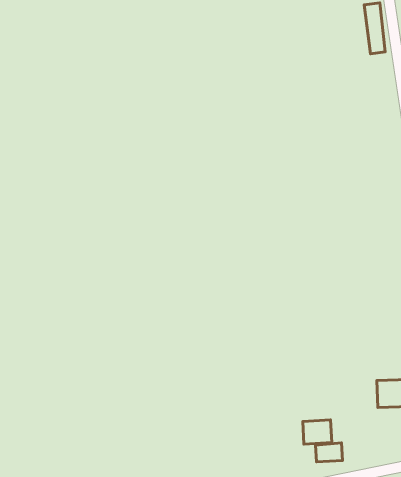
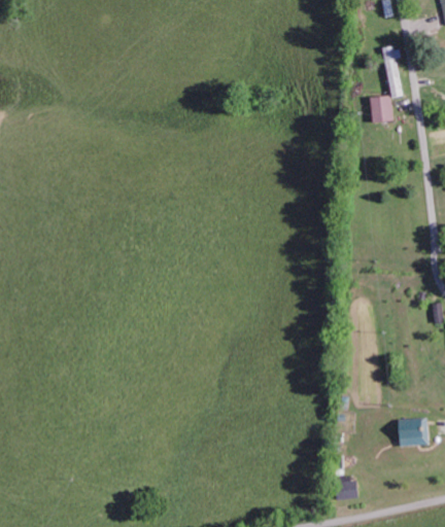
building: none -> [370,96,392,121]
building: [303,420,332,444] -> none

